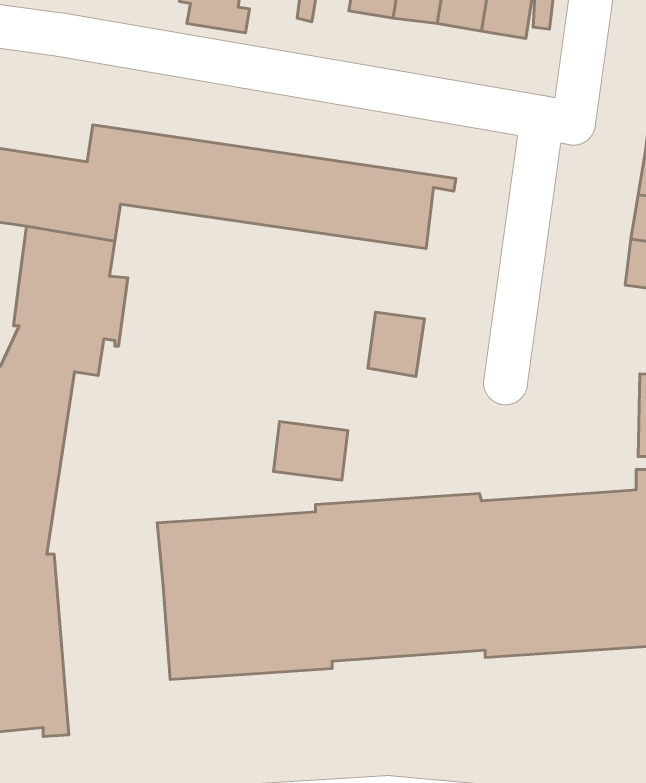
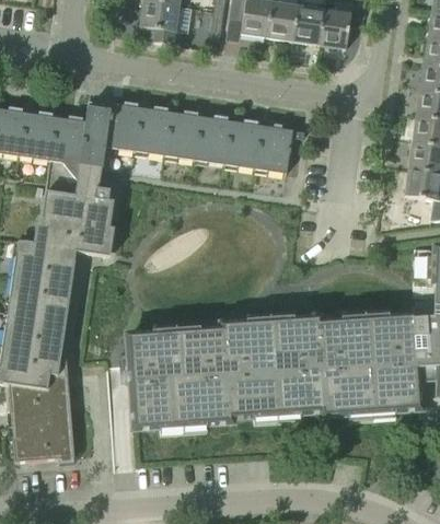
building: [368,312,424,377] -> none
building: [274,422,348,480] -> none

